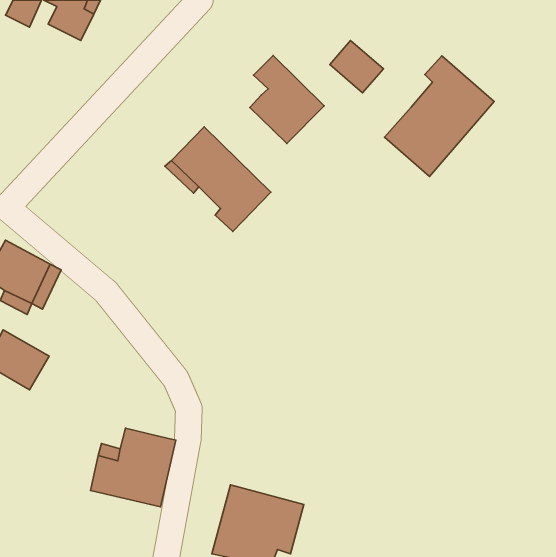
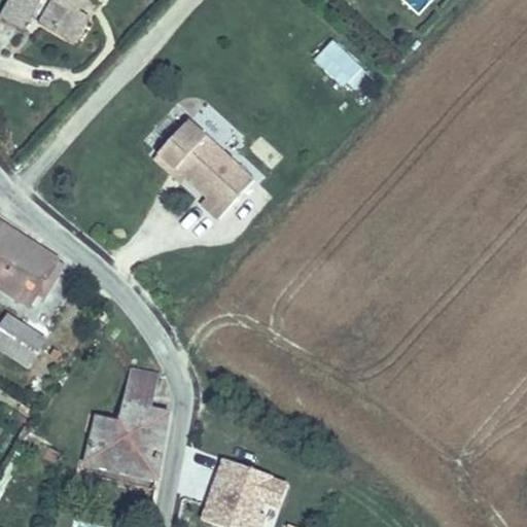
building: [250,56,324,143] -> none
building: [385,56,494,176] -> none
building: none -> [118,370,156,412]

